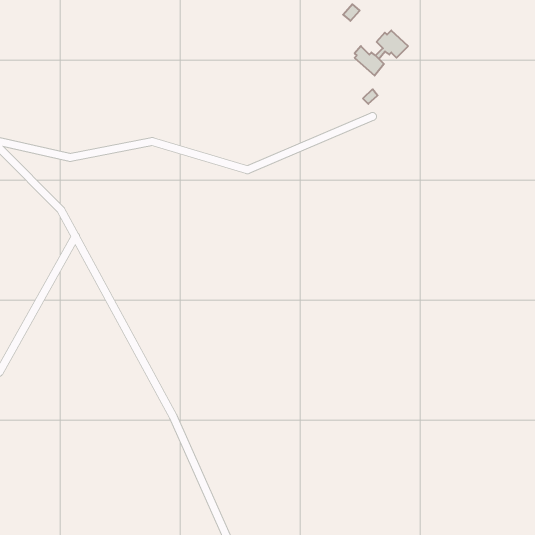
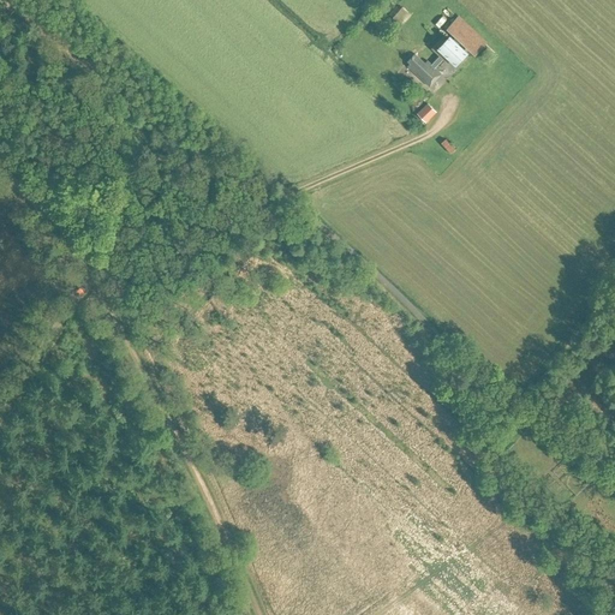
building: none -> [446,17,485,56]

